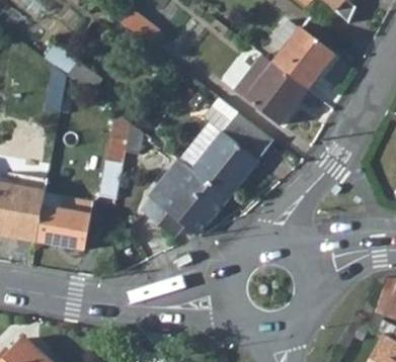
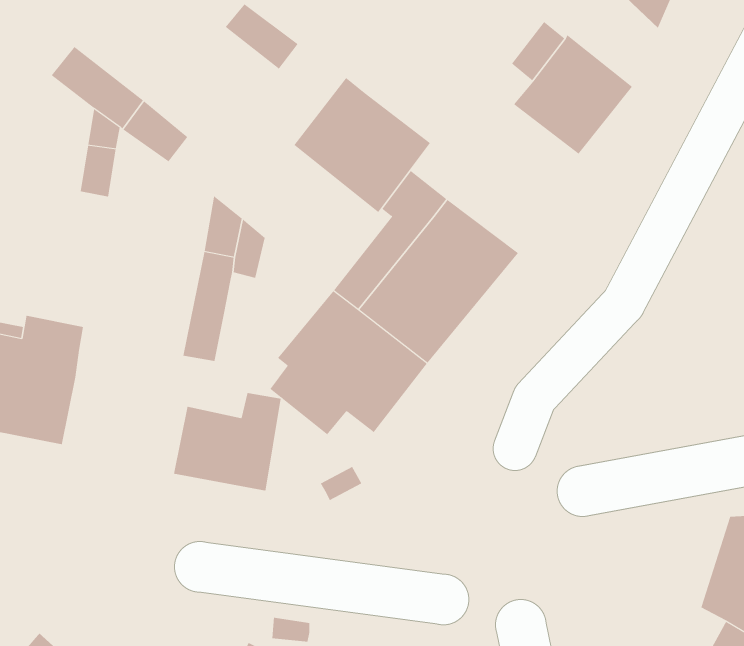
building: [234,56,306,126] -> [294,77,431,213]
building: [35,199,92,251] -> [173,393,282,491]

